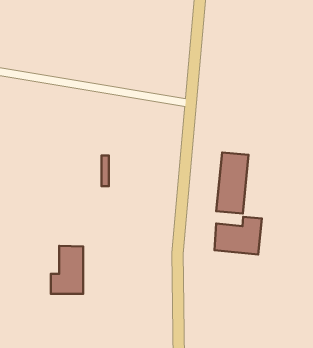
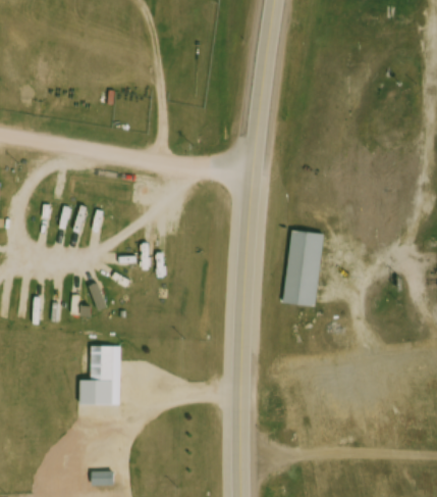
building: [214,217,262,255] -> none

